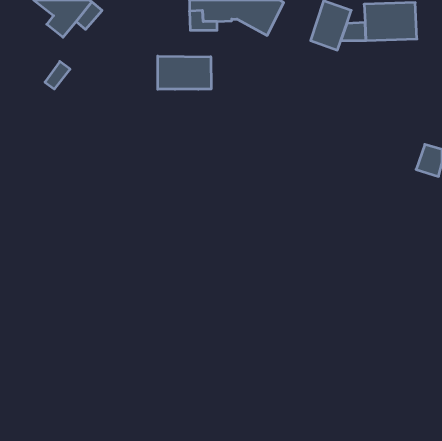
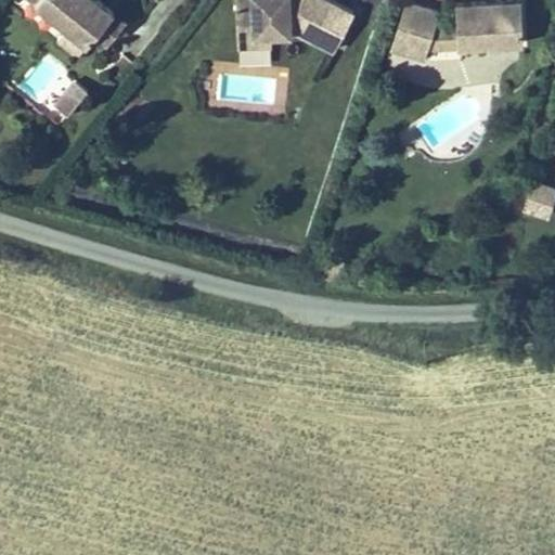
building: [158,56,211,89] -> none

